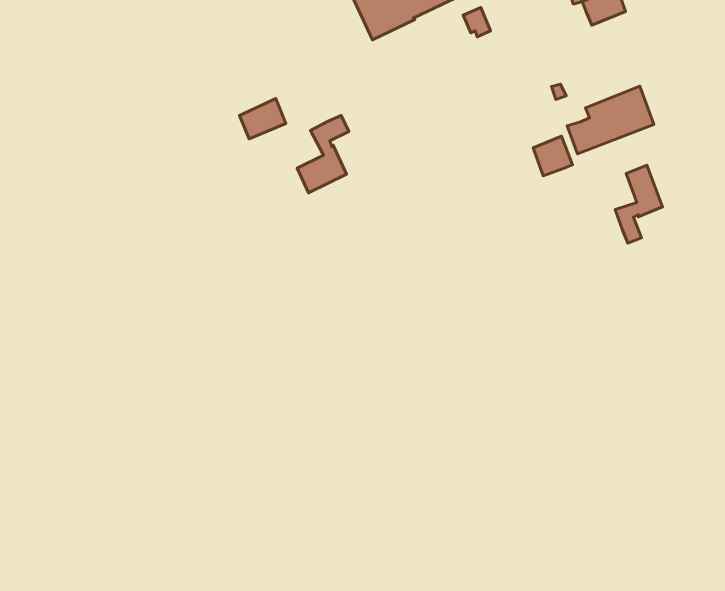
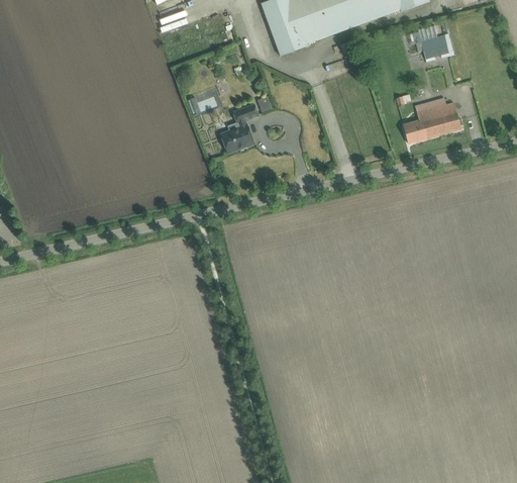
building: [533,136,573,176] -> none
building: [615,165,662,243] -> none

